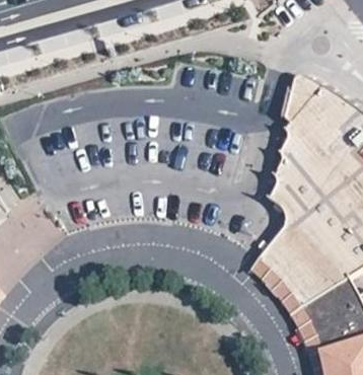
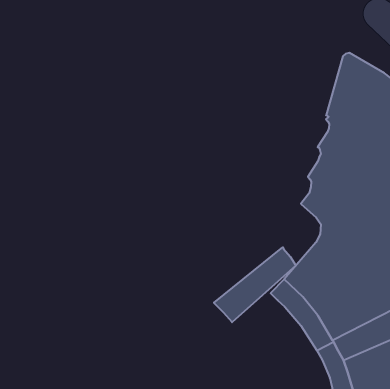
building: none -> [214,247,296,322]

